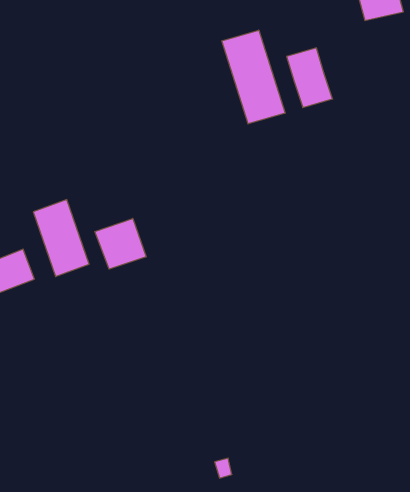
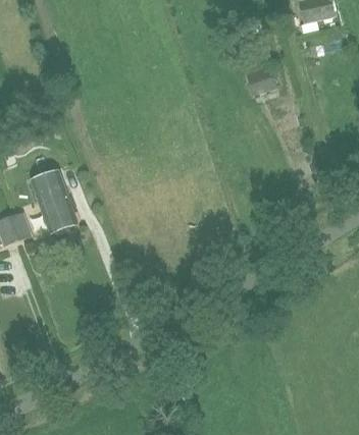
building: [222,30,285,124] -> none
building: [95,218,146,269] -> none

